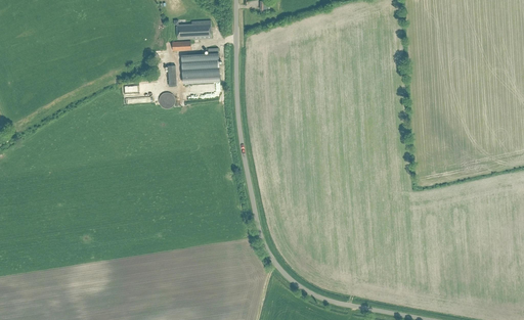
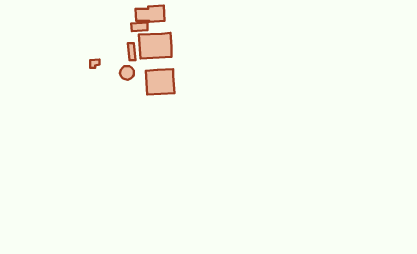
building: none -> [146,69,175,95]

